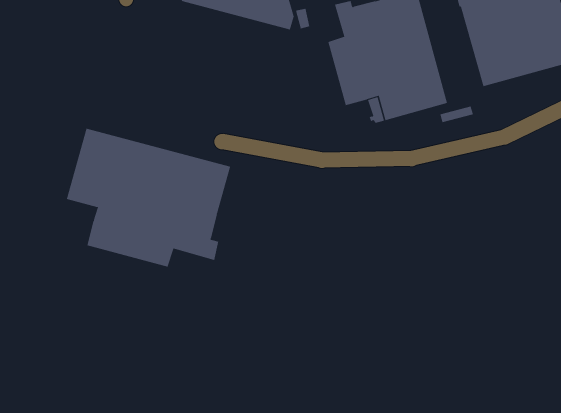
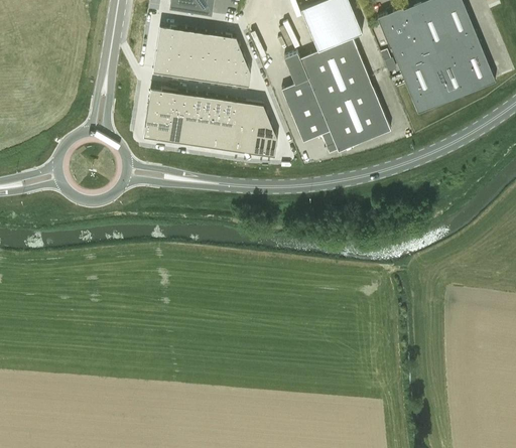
building: none -> [143,88,277,156]
building: [66,128,231,268] -> none

